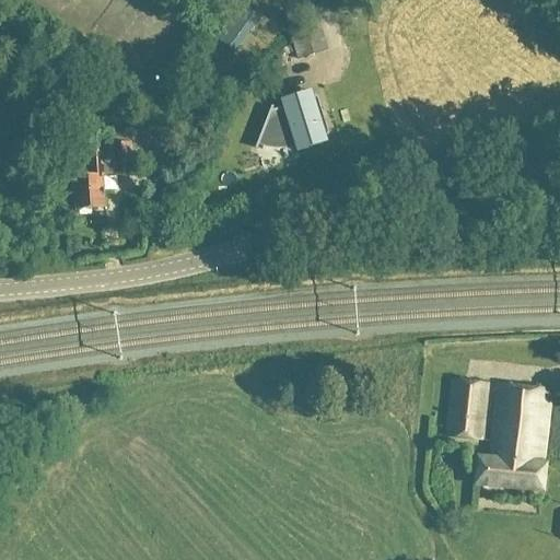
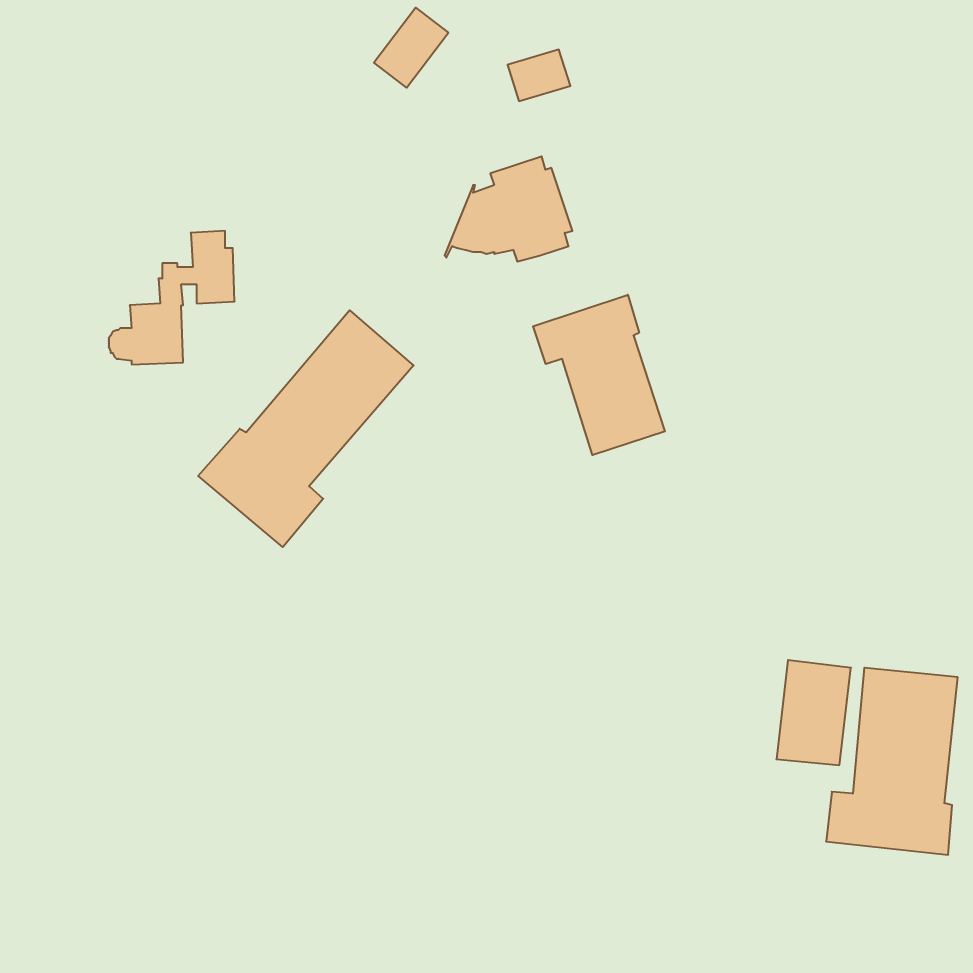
building: none -> [533,295,665,455]
building: none -> [198,310,414,547]

